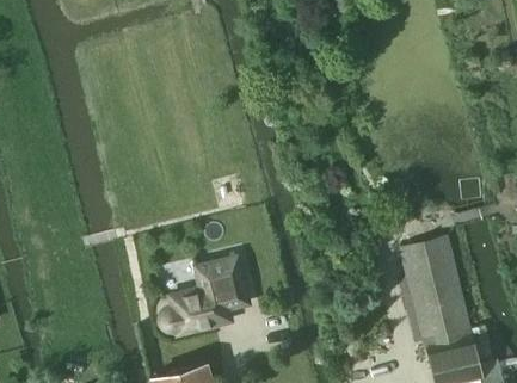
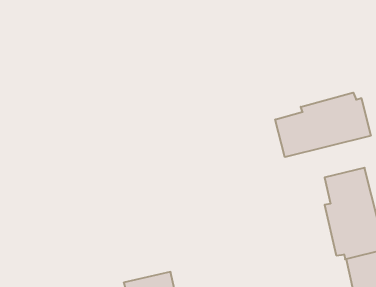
building: none -> [275,93,371,157]
building: [164,257,252,332] -> none

